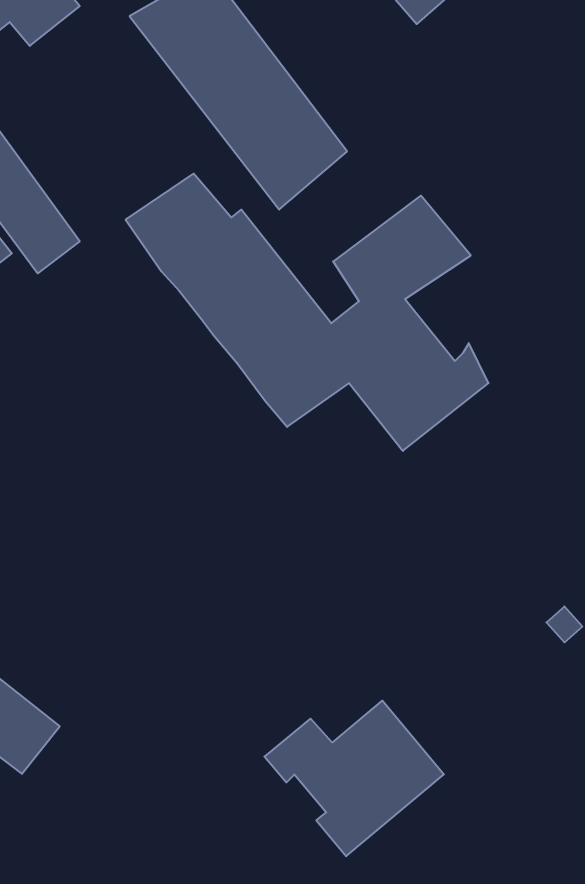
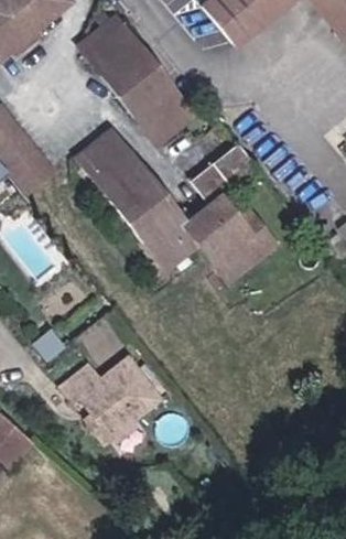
building: [264,701,444,856] -> [72,353,171,439]

